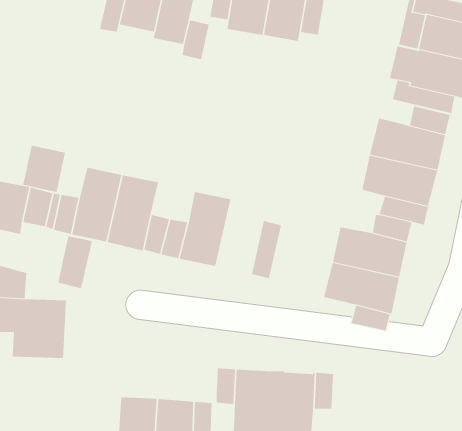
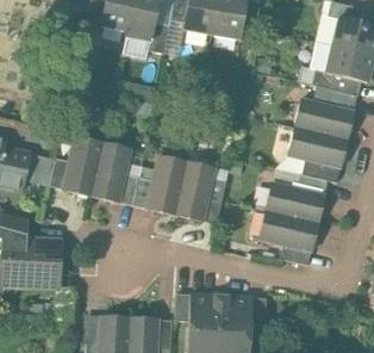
building: [23,145,66,193] -> none
building: none -> [175,161,214,221]
building: [58,235,92,289] -> none

